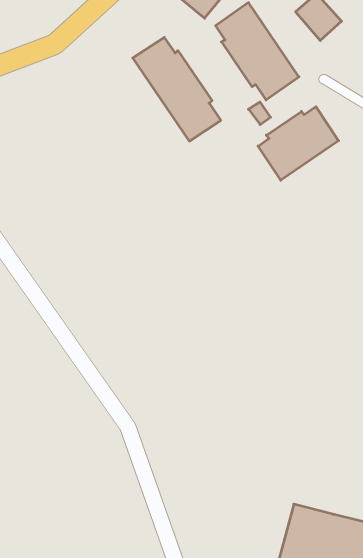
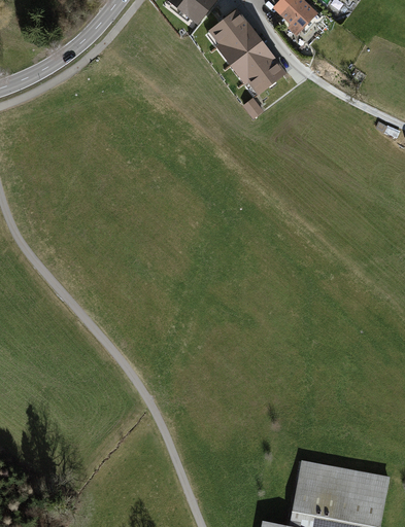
building: [133,37,221,141] -> none
building: [258,107,339,180] -> none

